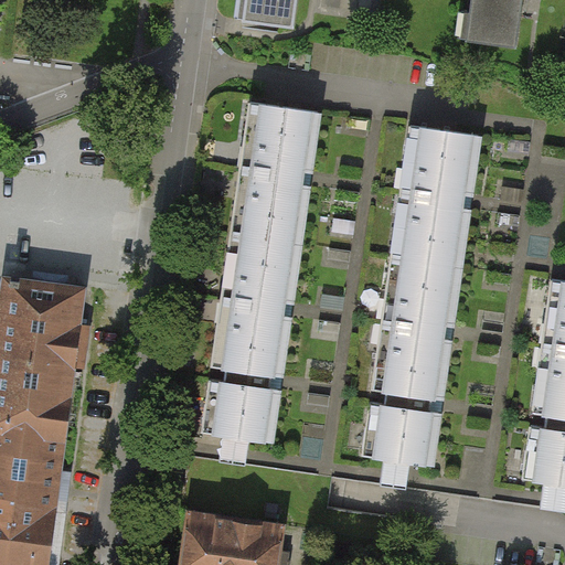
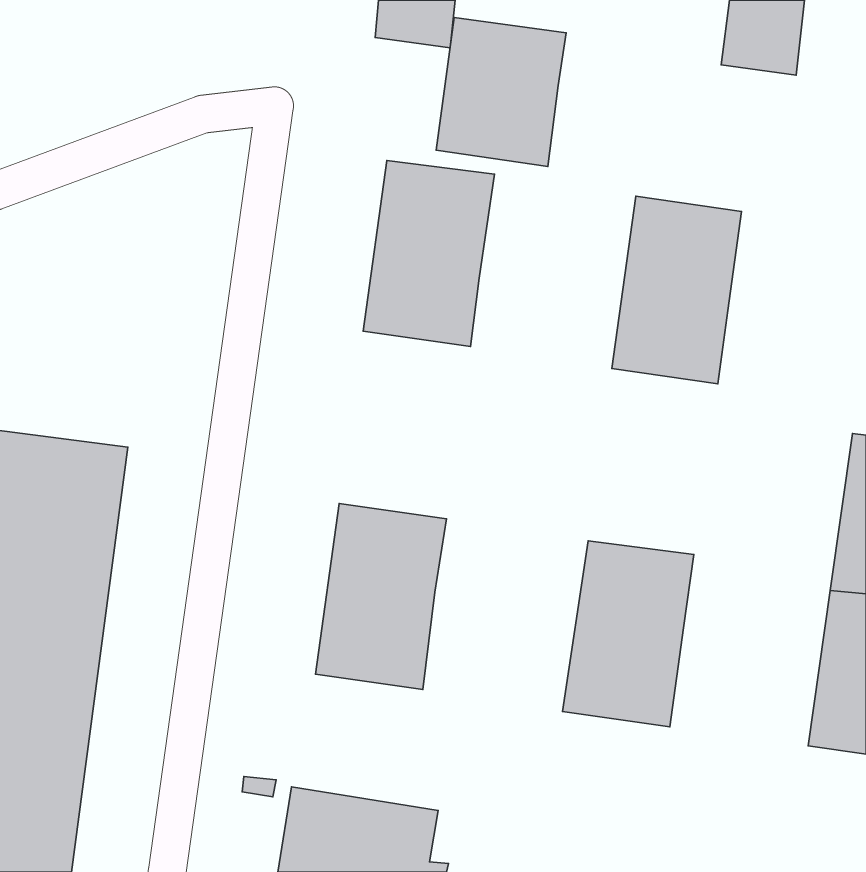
building: none -> [436,18,566,167]
building: [220,214,305,335] -> none
building: [381,238,465,359] -> none

